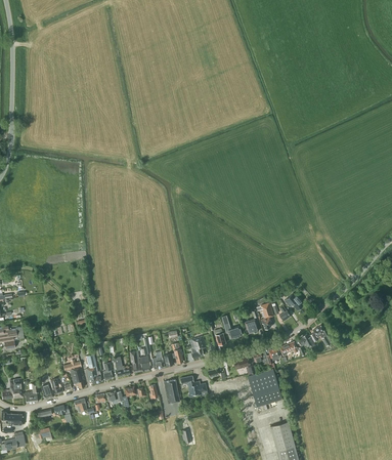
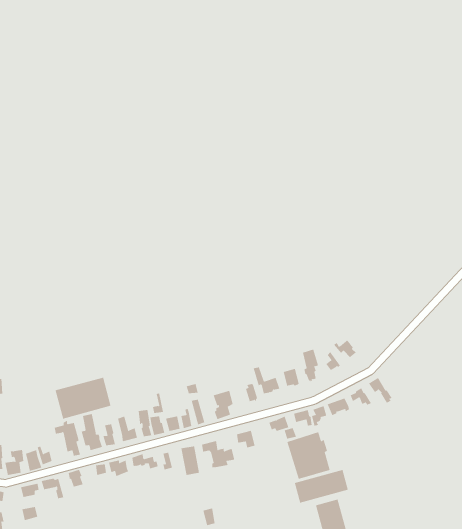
building: none -> [55,377,111,420]
building: none -> [294,469,348,504]

